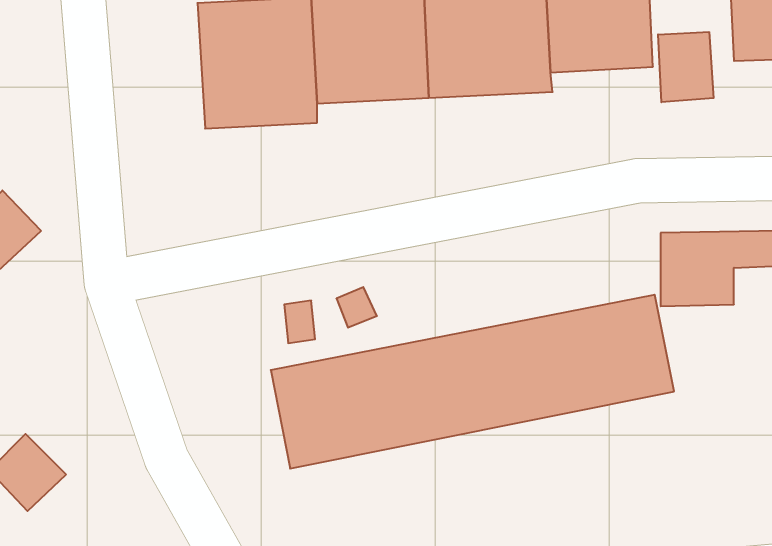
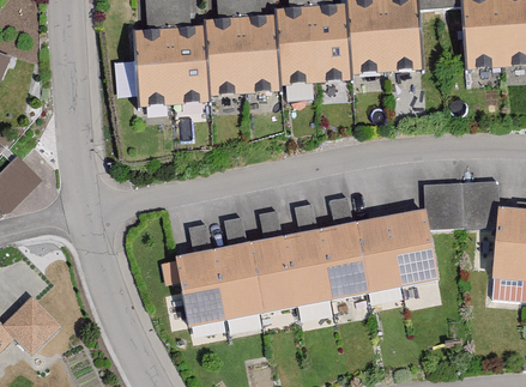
building: [658,32,714,102] -> none

